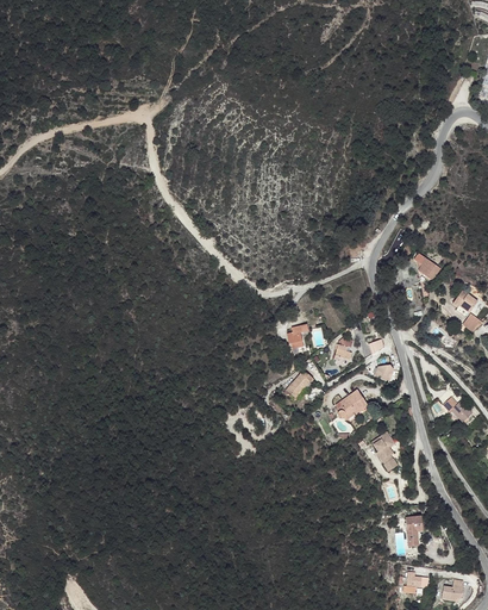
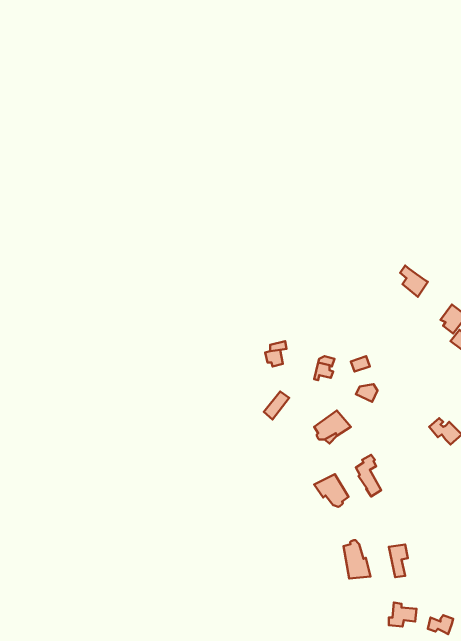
building: none -> [314,474,349,507]
building: none -> [343,540,370,579]

